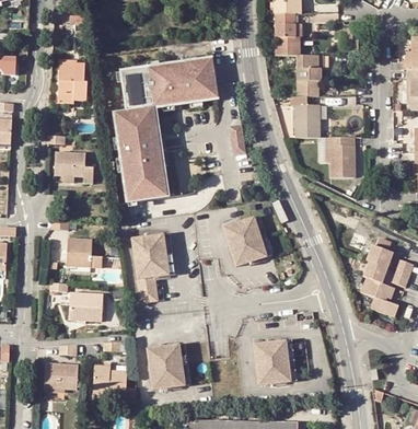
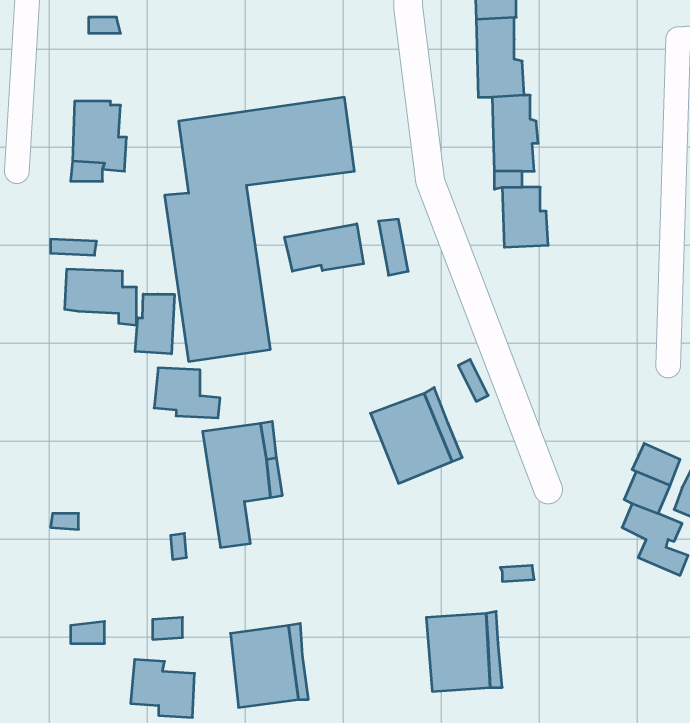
building: none -> [285,224,364,271]
building: [332,136,360,176] -> none
building: none -> [135,294,174,354]
building: [66,240,102,267] -> [154,368,220,418]
building: [70,292,103,322] -> none
building: [44,362,78,390] -> none

